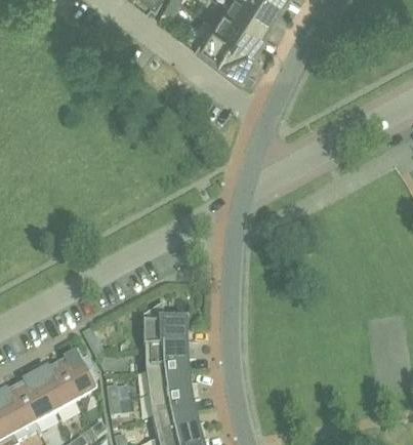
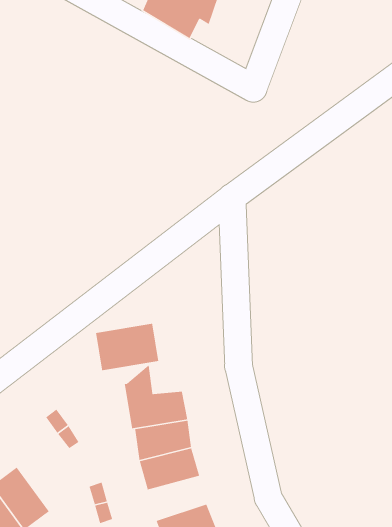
building: none -> [95,323,159,371]
building: [58,351,98,398] -> none
building: [151,388,193,415] -> none

